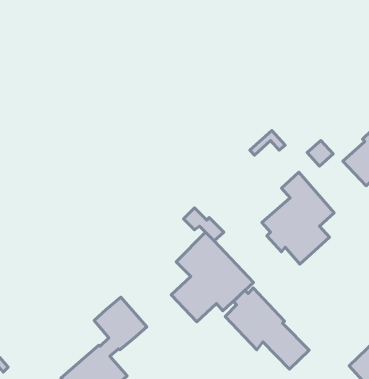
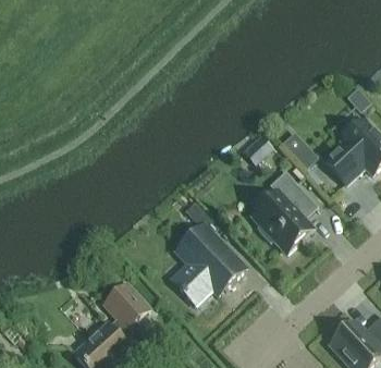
building: [225,288,309,369] -> none

